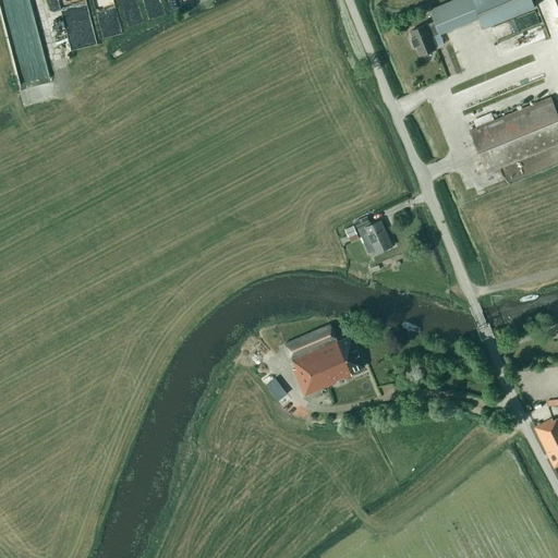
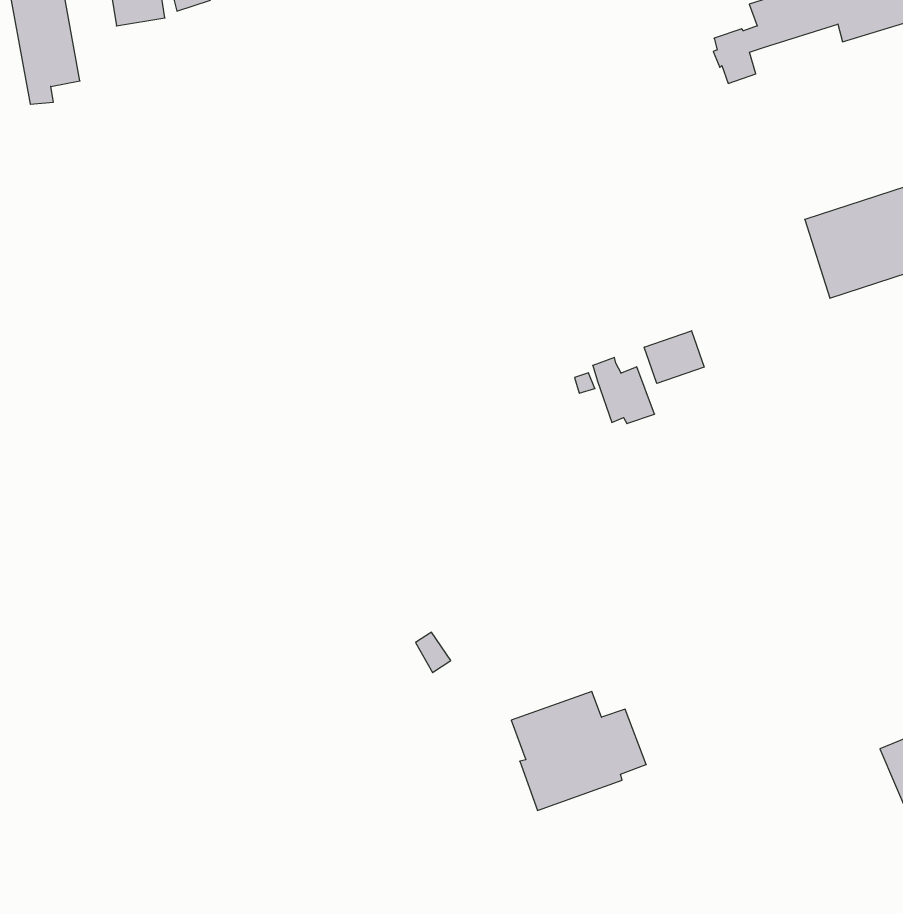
building: none -> [644,331,704,383]
building: [286,326,364,396] -> [511,692,646,810]

